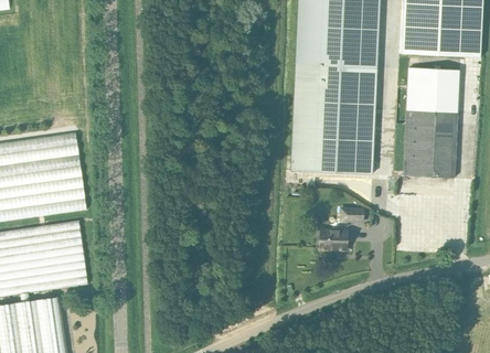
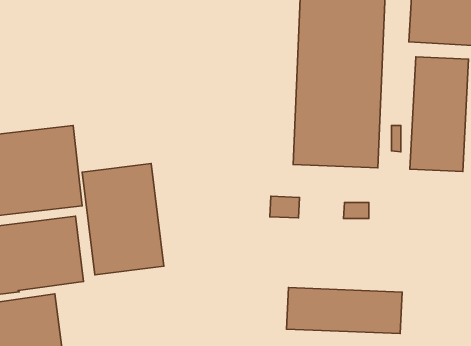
building: none -> [82,164,164,275]
building: [318,229,347,250] -> [270,196,300,218]
building: none -> [286,288,402,334]

